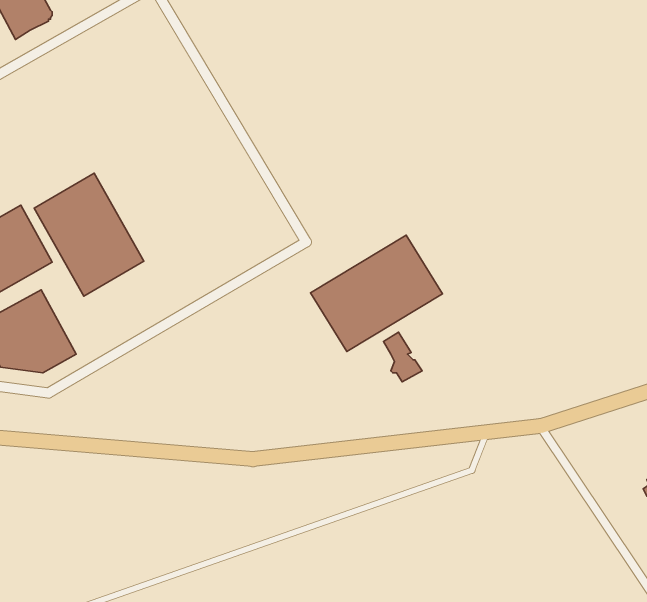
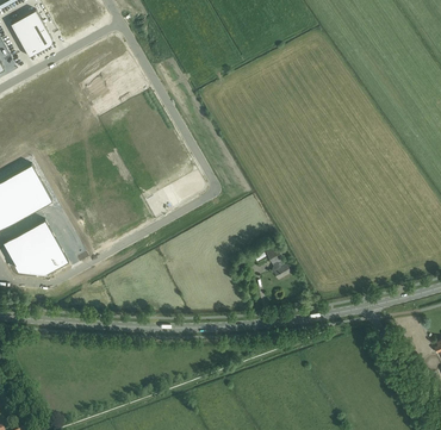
building: [34,173,144,296] -> none
building: [310,235,443,351] -> none

